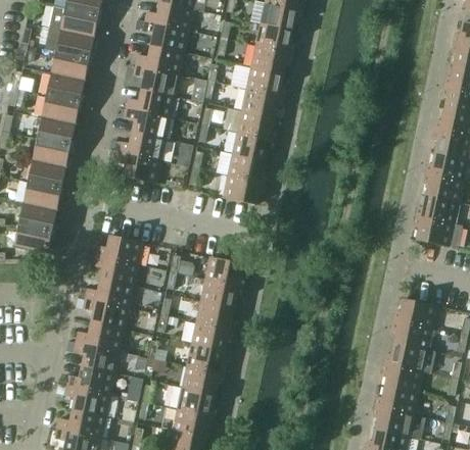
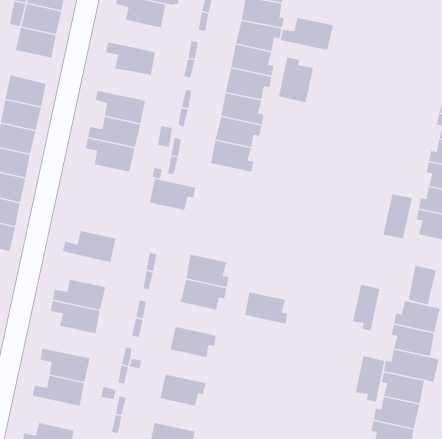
building: none -> [280,17,334,51]
building: [134,45,183,73] -> none
building: [46,72,84,102] -> none
building: none -> [278,57,314,103]
building: [125,89,174,117] -> none
building: [222,174,265,204] -> [149,178,196,211]
building: none -> [382,193,413,239]
building: [91,254,137,286] -> none
building: none -> [408,265,437,305]
building: none -> [352,284,380,331]
building: [195,300,235,330] -> [244,292,288,324]
building: [75,321,124,350] -> none
building: [186,343,226,372] -> none
building: none -> [355,355,385,403]
building: [63,385,109,415] -> none
building: [176,387,217,416] -> none

